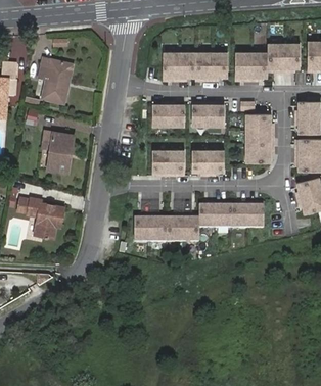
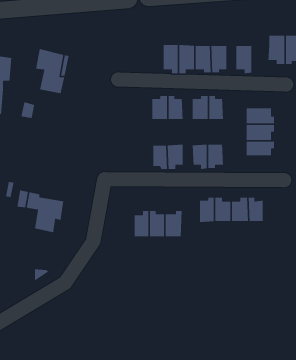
building: [251,53,268,81] -> none
building: [43,130,71,172] -> none
building: [182,215,199,242] -> none

